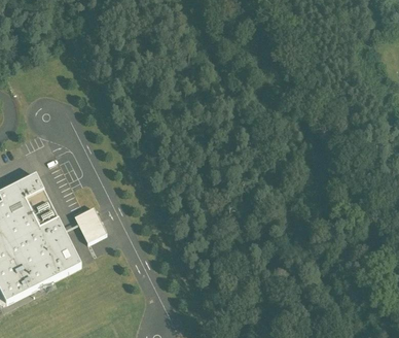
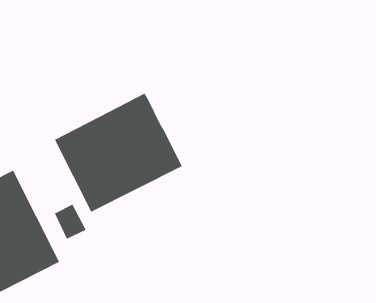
building: none -> [54,93,183,213]

